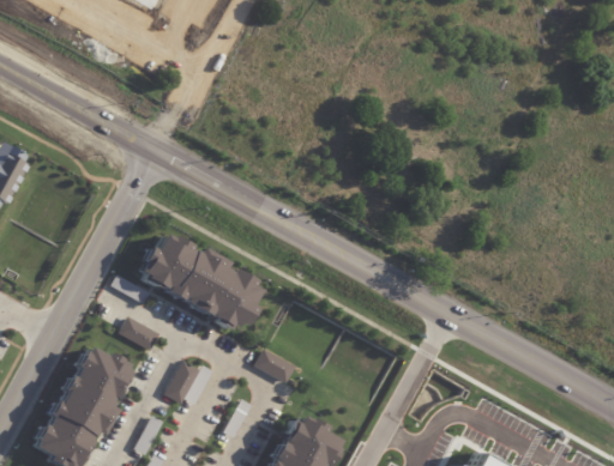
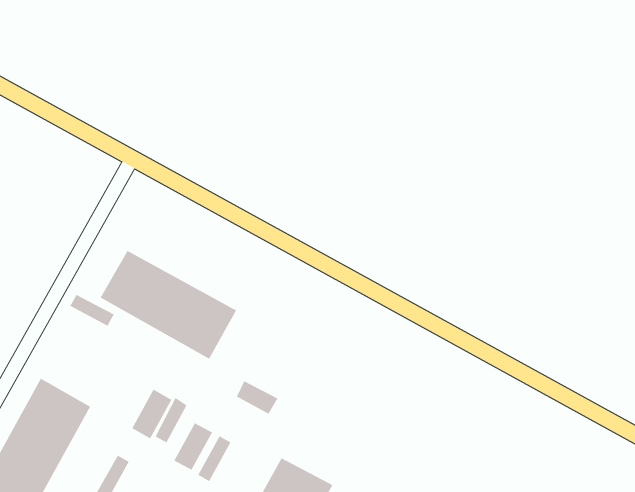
building: [121,316,158,347] -> none
building: none -> [173,422,213,471]

